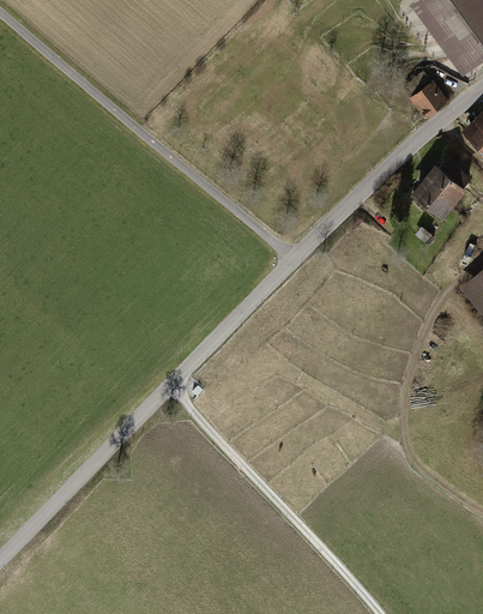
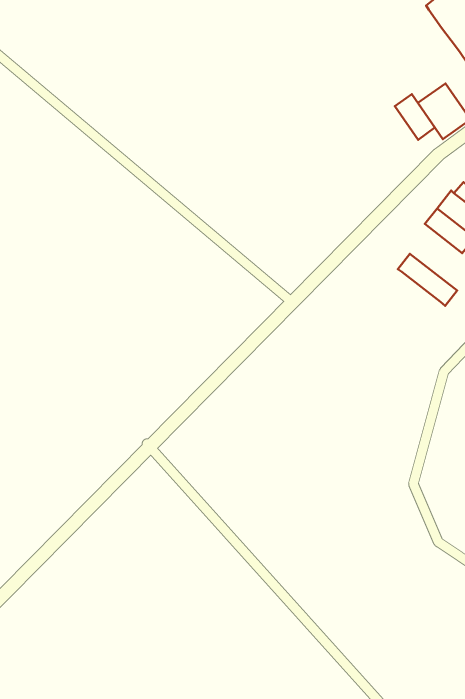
building: none -> [395,94,435,140]
building: none -> [398,254,457,306]

